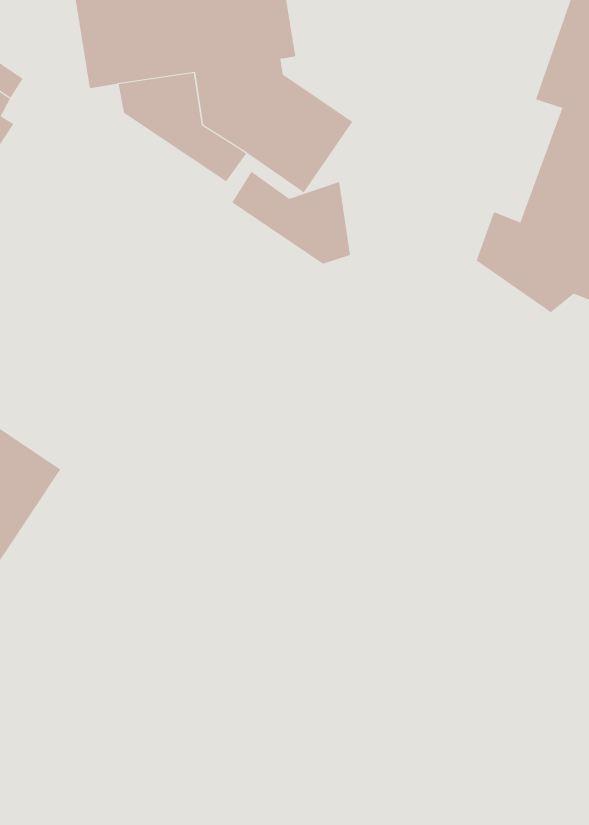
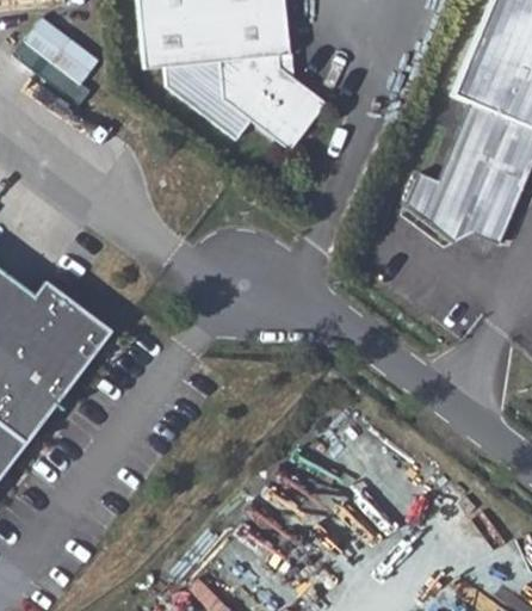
building: [231,171,350,264] -> none

